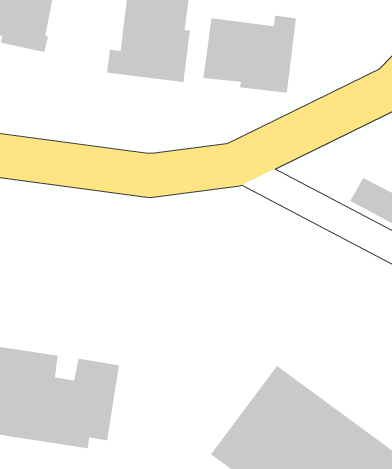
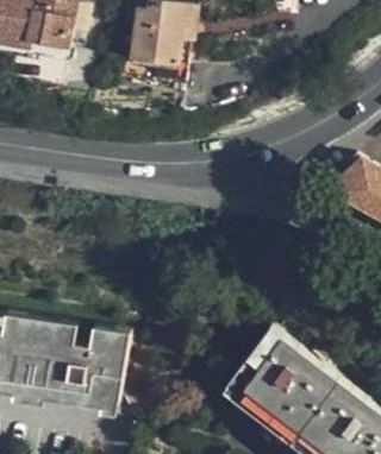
building: [202,15,297,94] -> none

